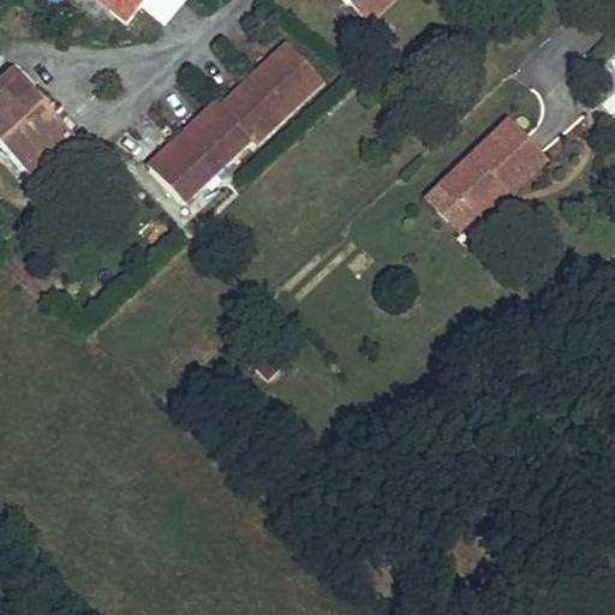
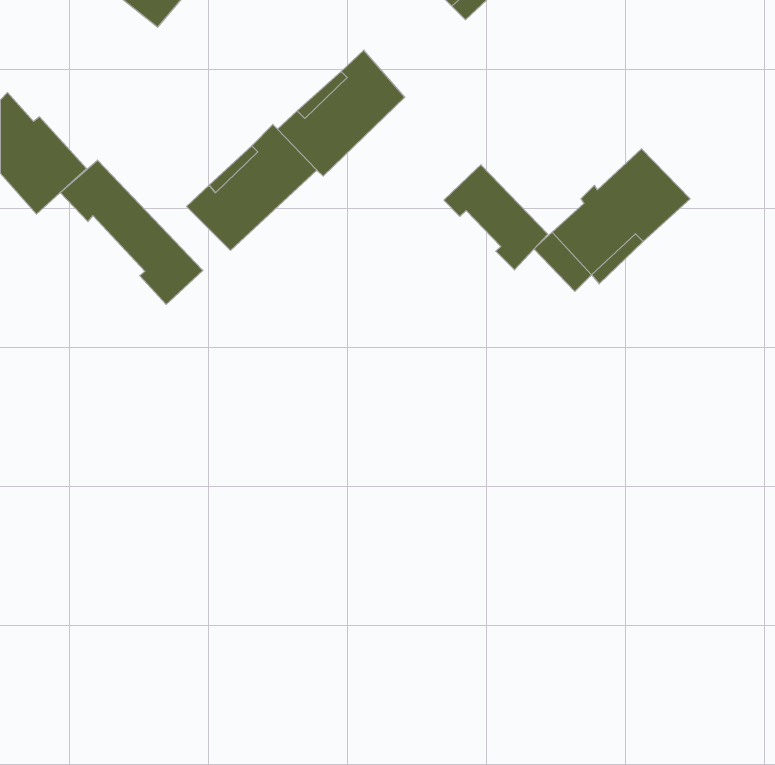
building: none -> [60,160,203,304]
building: none -> [444,165,548,270]

